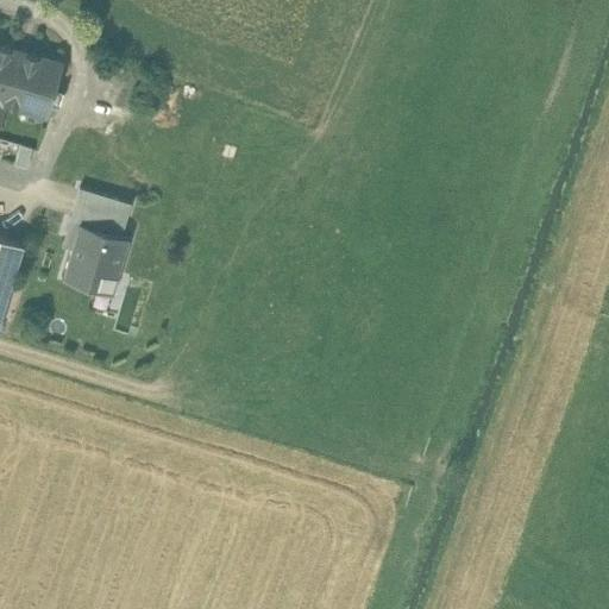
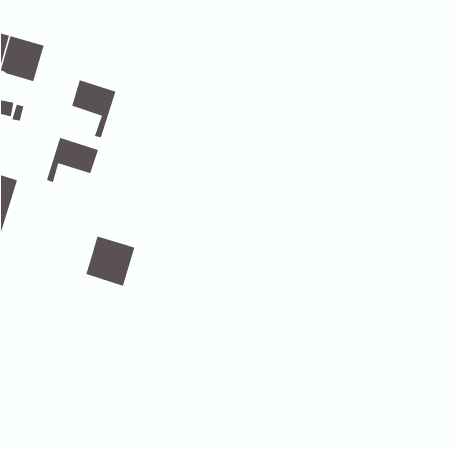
building: none -> [71,80,116,138]
building: [63,226,130,294] -> [85,236,135,287]

